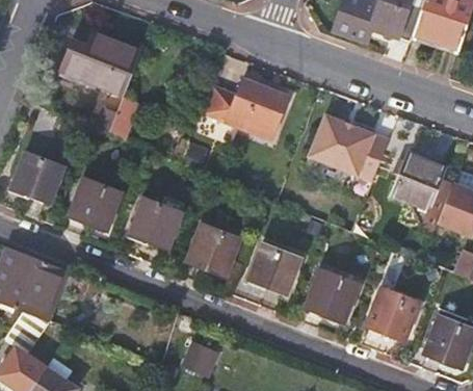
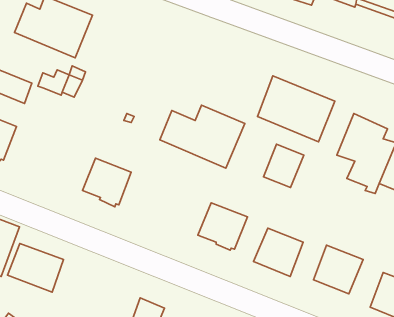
building: [202,77,289,141] -> [160,105,245,168]
building: [70,178,121,228] -> none
building: none -> [264,144,304,188]
building: [188,224,239,273] -> none
building: none -> [7,243,63,292]

